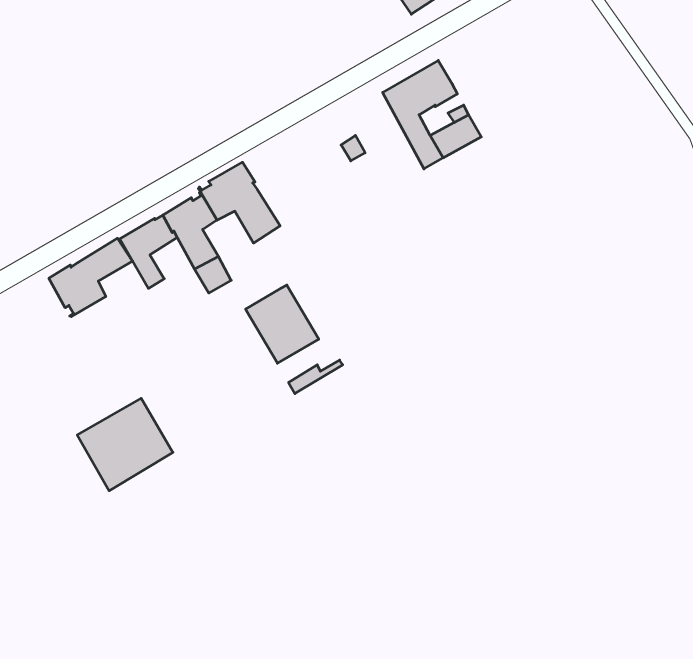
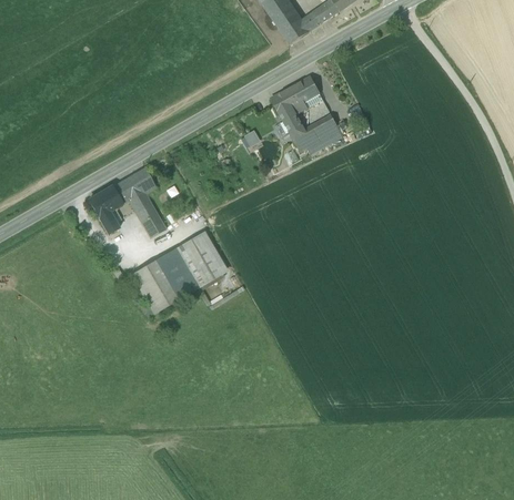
building: [198,162,280,243] -> none
building: [49,238,133,317] -> none
building: [77,398,173,491] -> [131,248,198,313]

